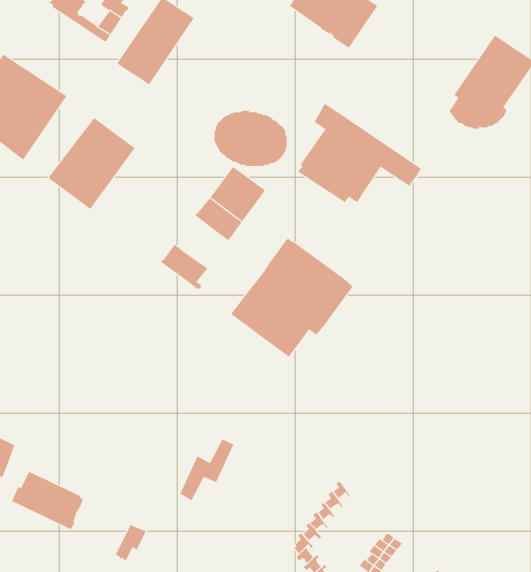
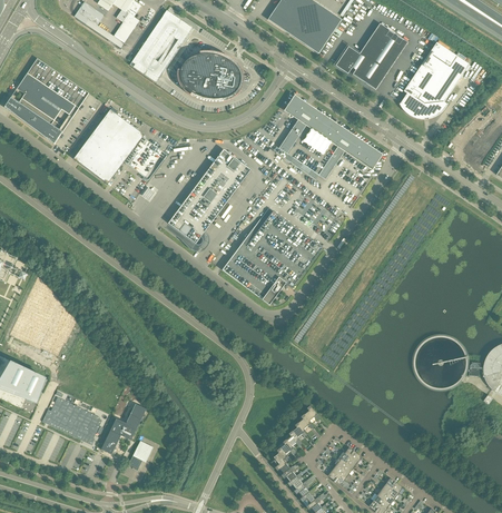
building: none -> [334,22,406,88]
building: [214,110,288,166] -> [179,52,239,98]
building: none -> [175,188,219,231]
building: [179,439,234,501] -> [100,403,145,453]

